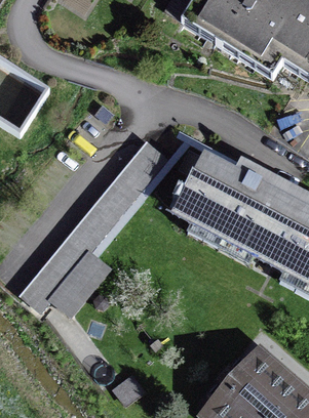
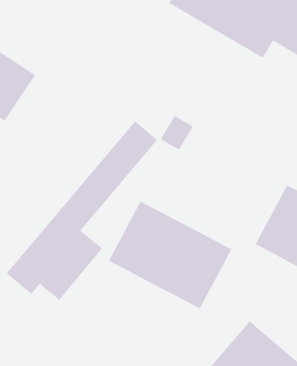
building: [173,156,297,263] -> [108,201,232,309]

